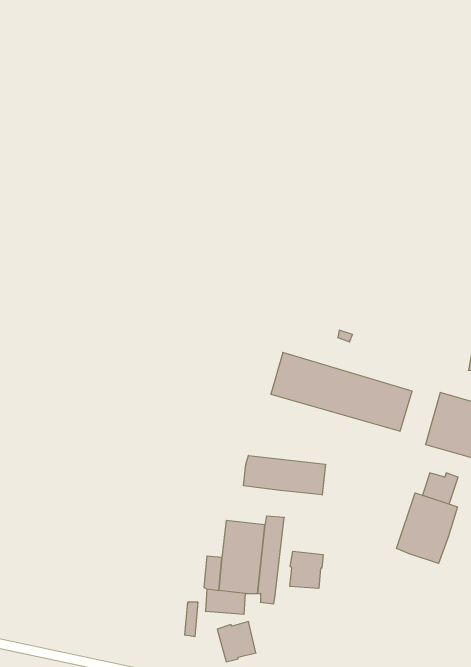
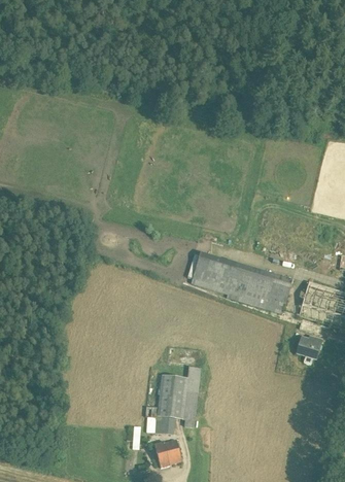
building: [244,455,325,495] -> none
building: [397,493,458,563] -> none
building: [290,551,323,588] -> none

